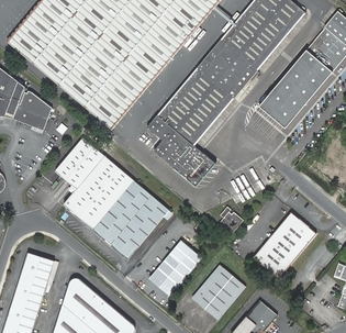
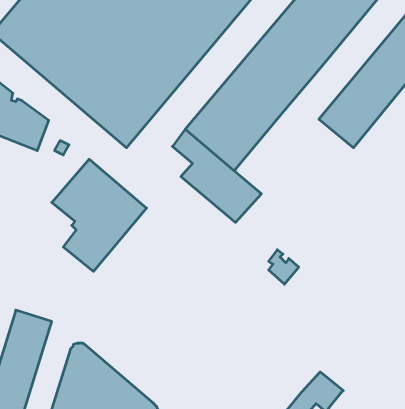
building: [86,175,168,258] -> none
building: [253,212,316,278] -> none
building: [149,240,202,296] -> none
building: [192,264,245,318] -> none

